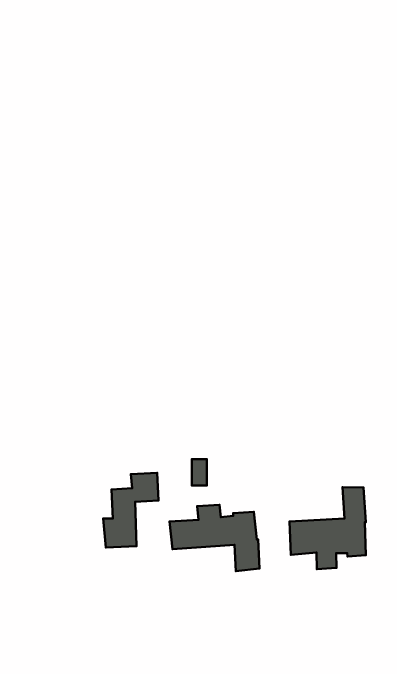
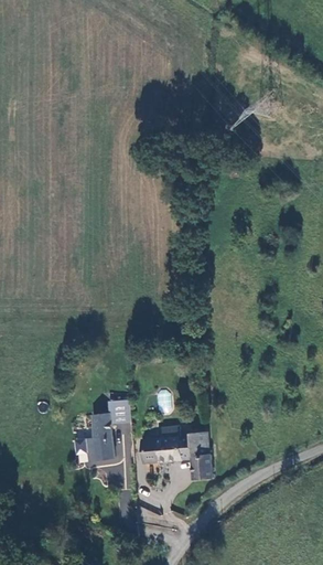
building: [290,487,366,569] -> none

